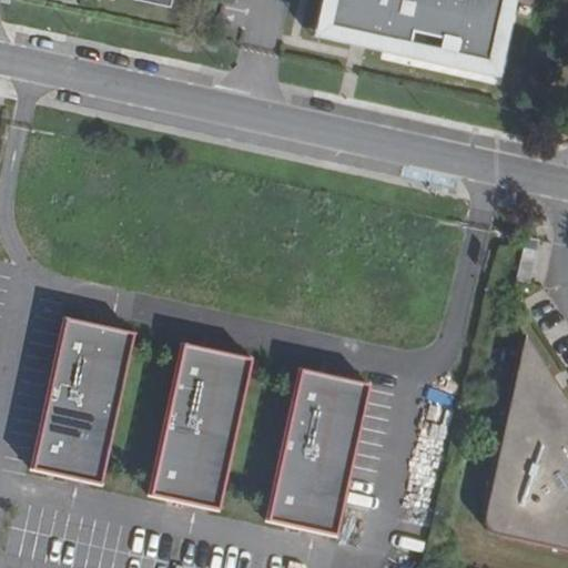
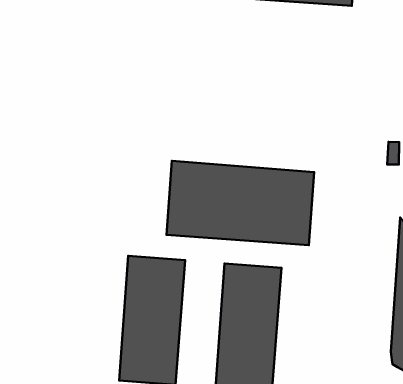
building: none -> [166,161,314,245]
building: [31,315,134,481] -> none

